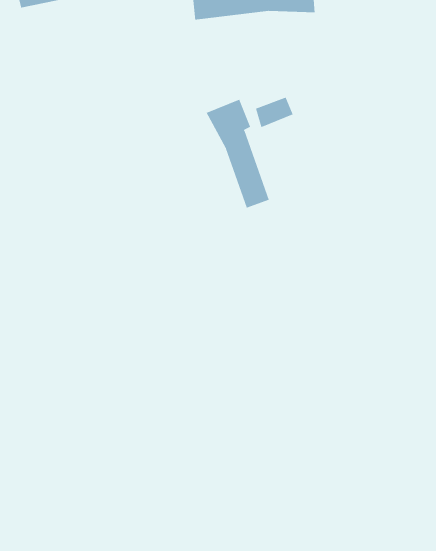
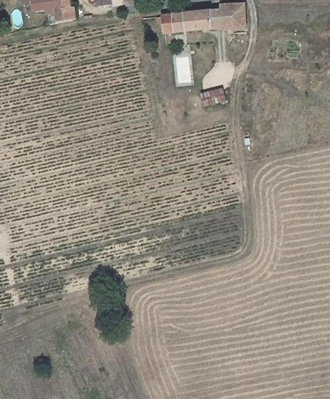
building: [206,99,269,209] -> none

